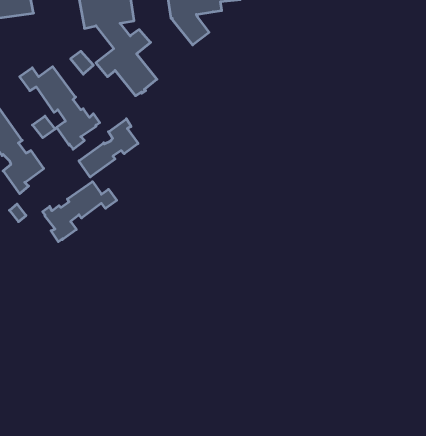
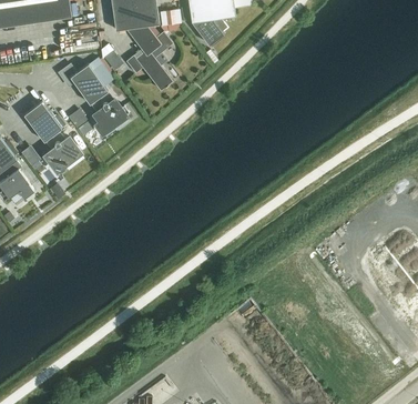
building: [79,119,138,177] -> none
building: [43,182,117,242] -> none

